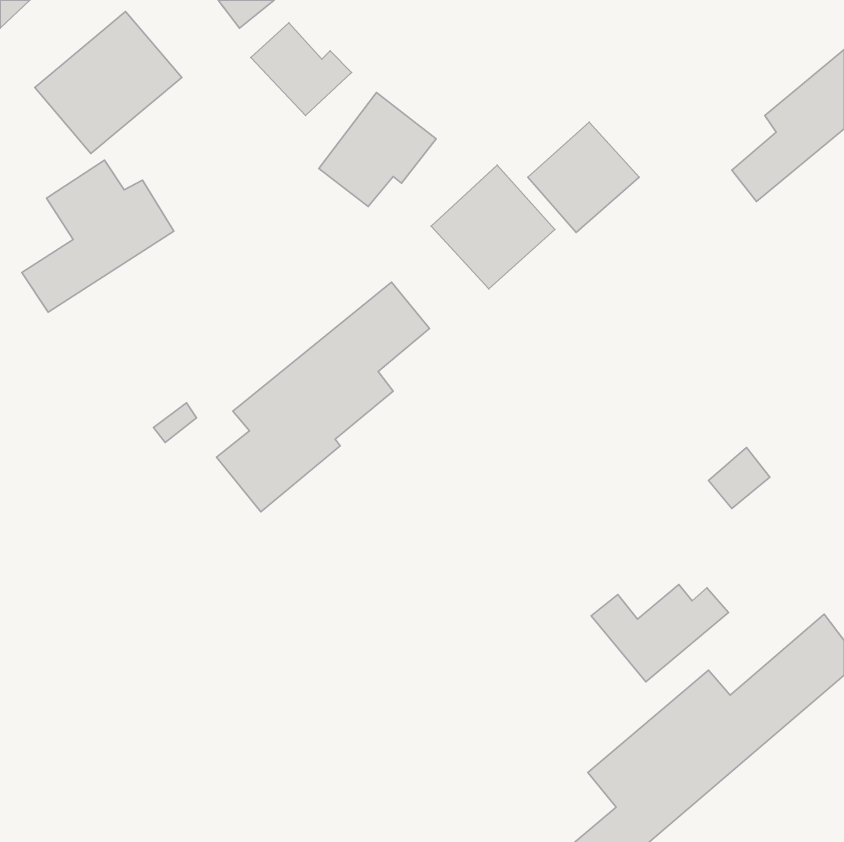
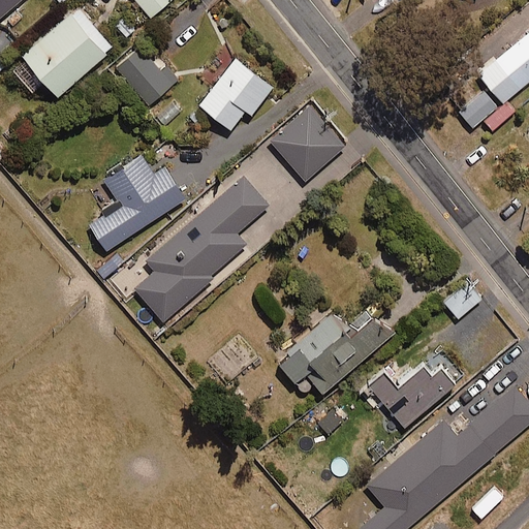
building: [251,23,352,115] -> [116,48,179,105]
building: [528,122,639,232] -> none
building: [22,160,174,312] -> [90,156,185,251]
building: none -> [277,307,394,395]

